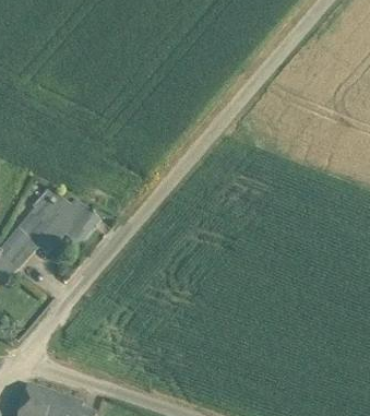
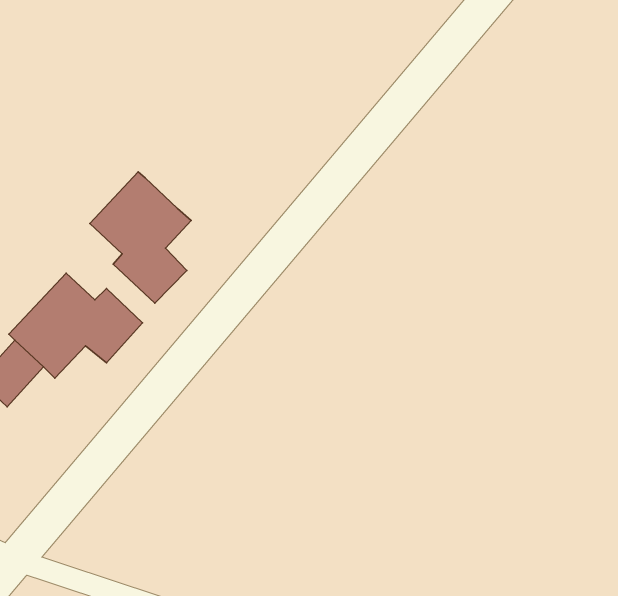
building: none -> [90,172,191,303]

